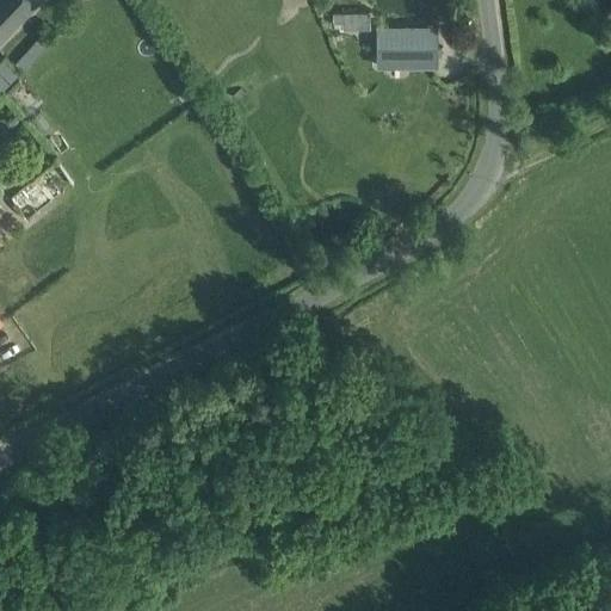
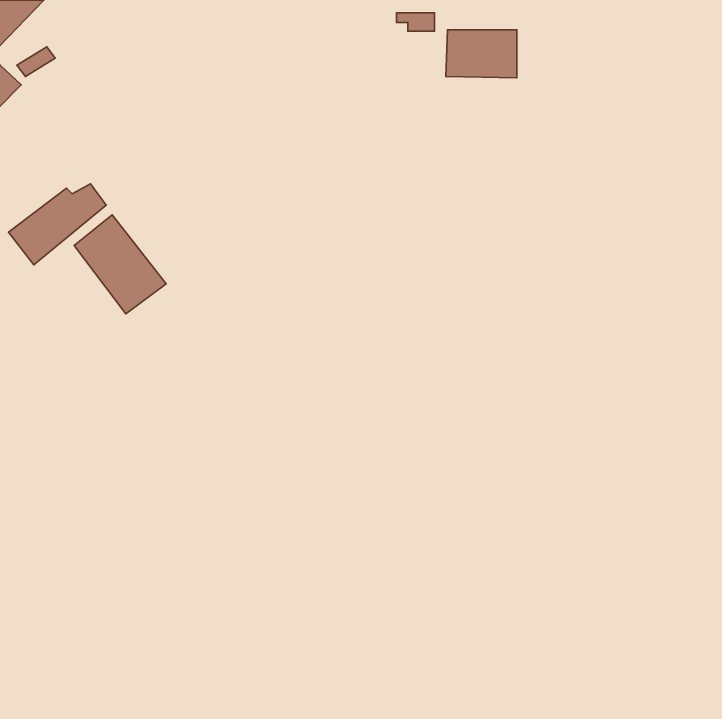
building: none -> [74,215,166,314]

